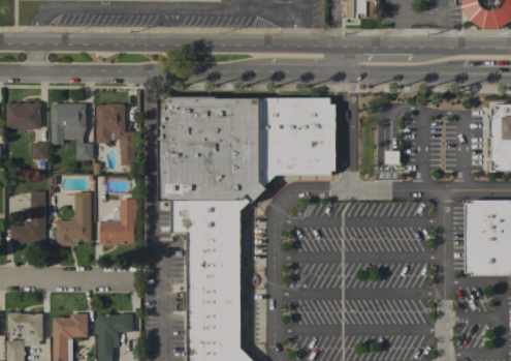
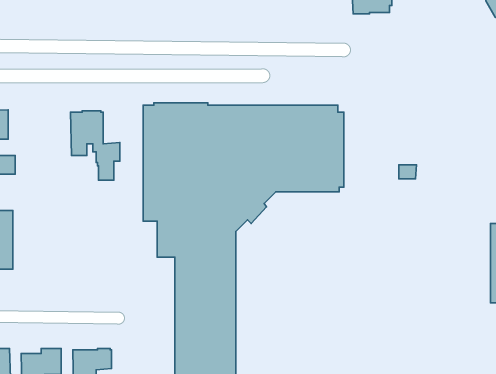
building: [52,103,93,159] -> none
building: [55,191,92,246] -> none
building: [100,199,138,245] -> none

